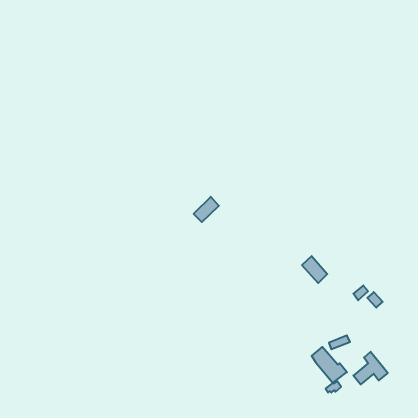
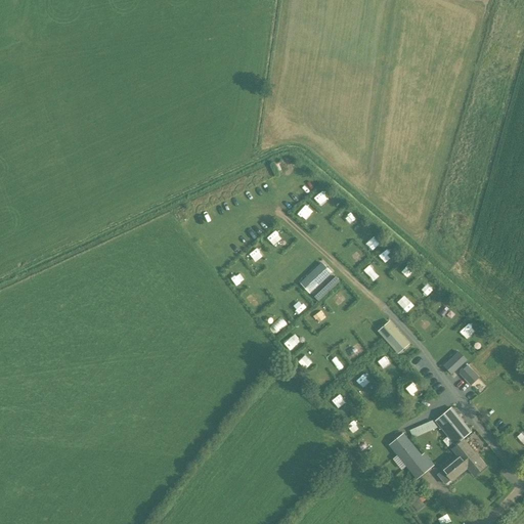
building: [194,197,219,222] -> [300,262,332,294]
building: none -> [436,407,471,443]

